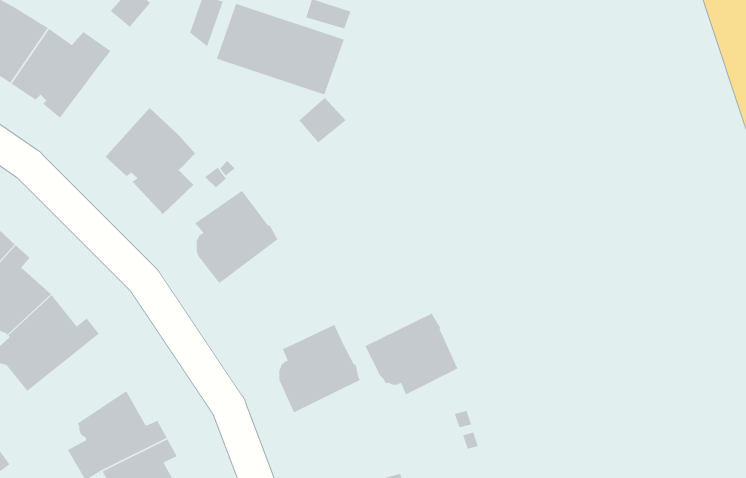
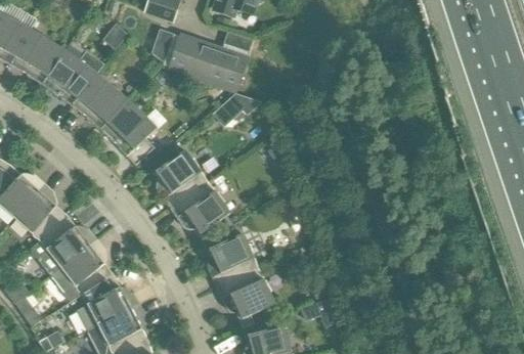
building: none -> [72,73,127,129]
building: none -> [170,180,229,233]
building: [364,313,459,395] -> [216,267,274,318]
building: none -> [51,238,113,300]

